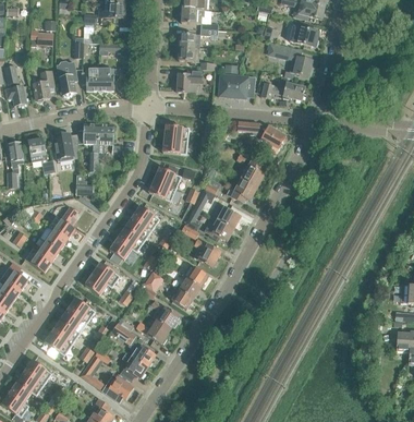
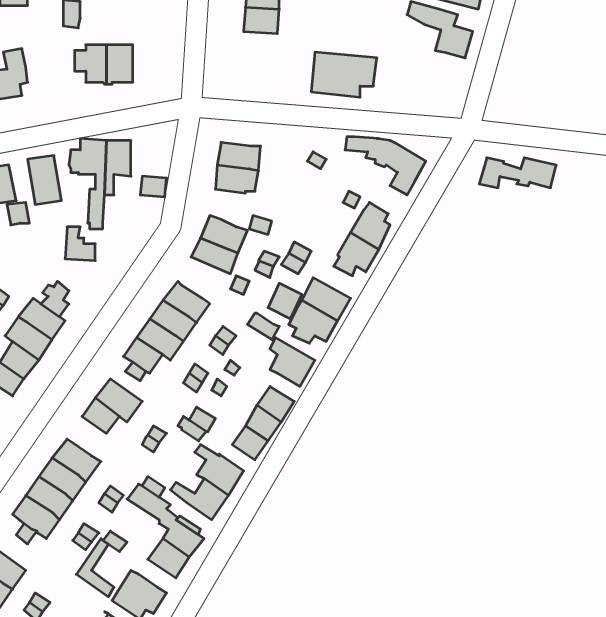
building: [57,60,77,95] -> none
building: [176,69,202,92] -> none
building: [260,82,305,99] -> [479,158,556,188]

